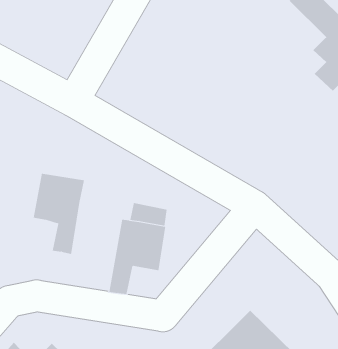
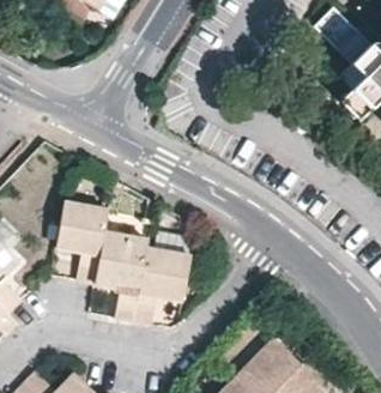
building: none -> [95,230,146,321]

